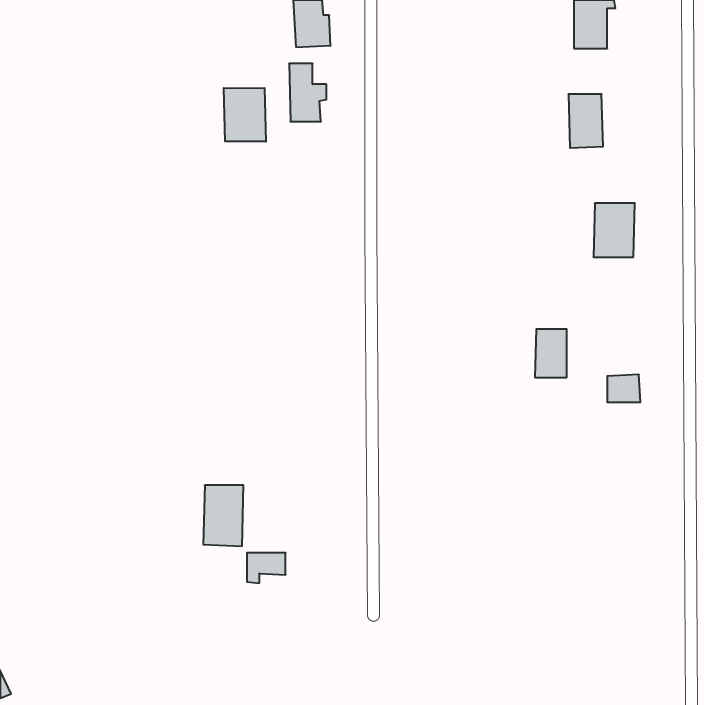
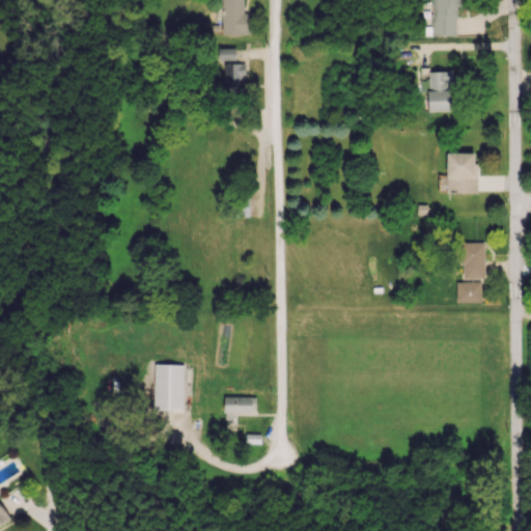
building: [224,88,266,142] -> none
building: [535,329,567,377] -> [462,243,485,279]
building: [247,553,286,583] -> [225,397,254,420]

